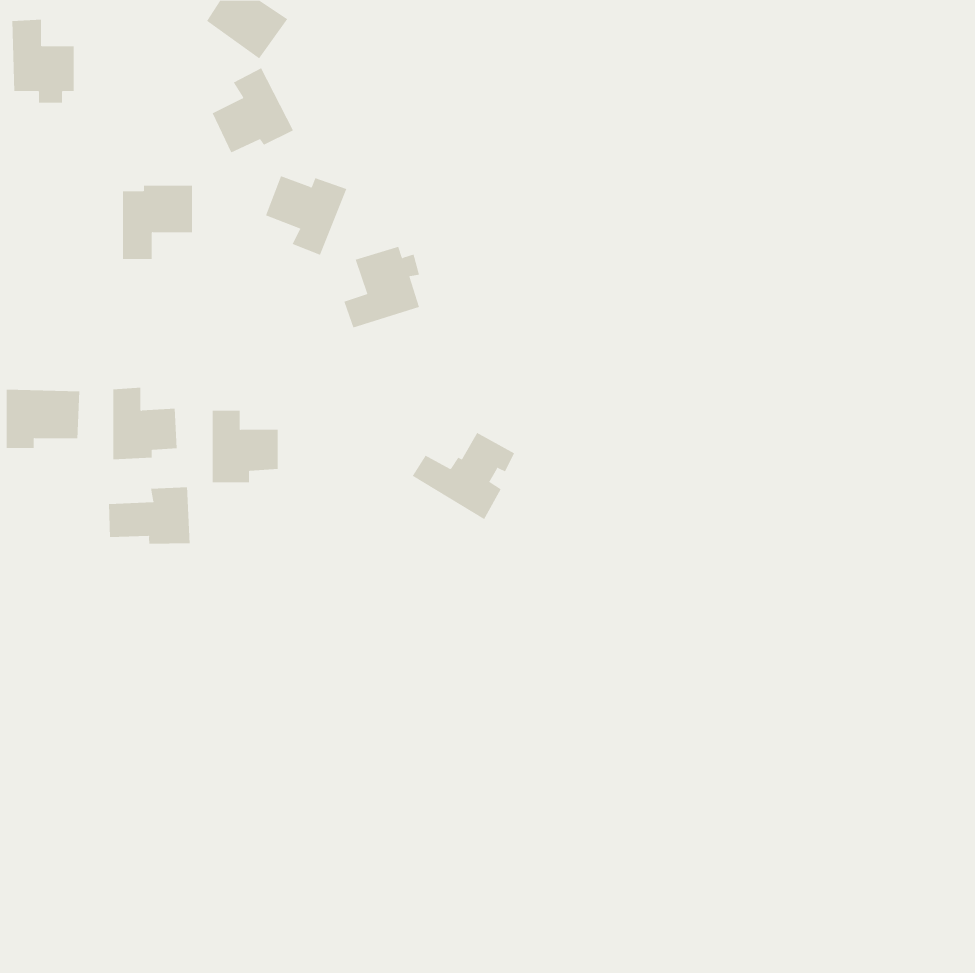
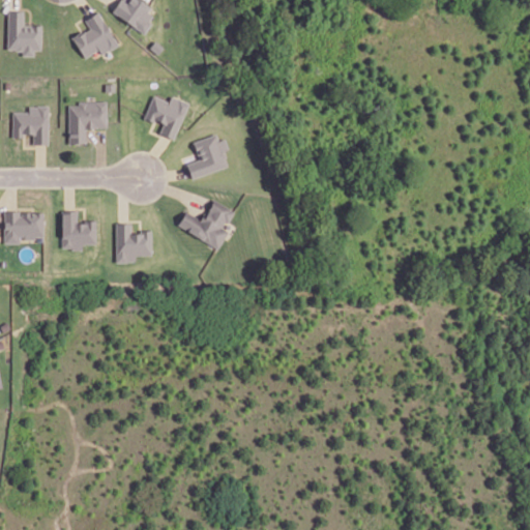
building: [212,67,294,153] -> [72,12,117,59]
building: none -> [11,107,48,145]
building: [412,432,515,520] -> [177,200,233,247]
building: [109,486,190,545] -> none

